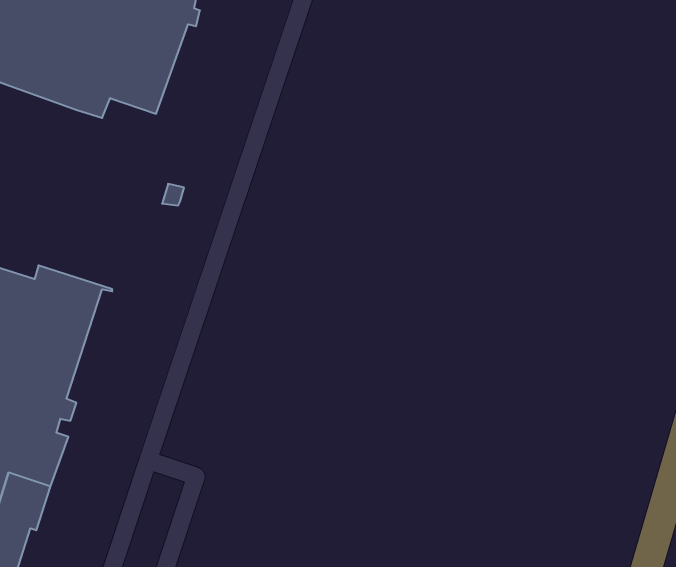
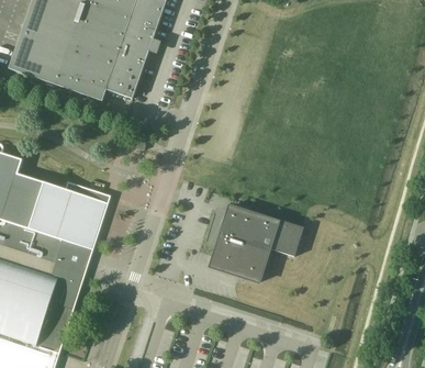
building: none -> [205,204,303,281]

